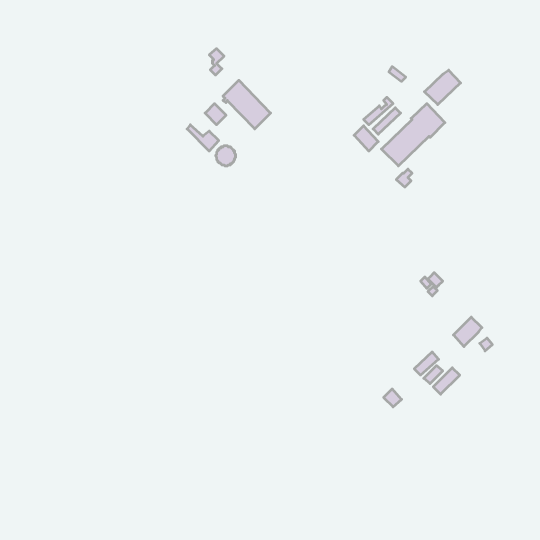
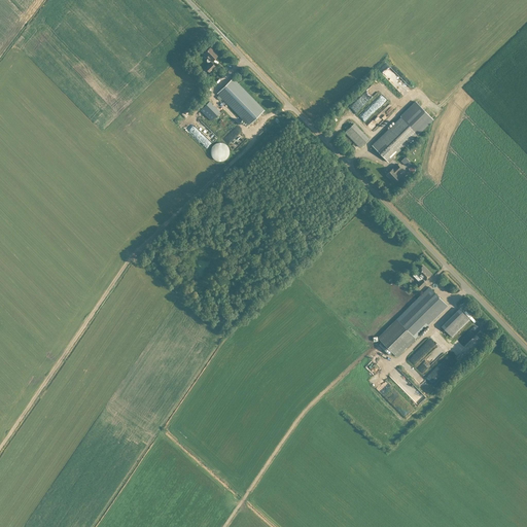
building: [424,70,461,105] -> none
building: none -> [378,287,448,356]

